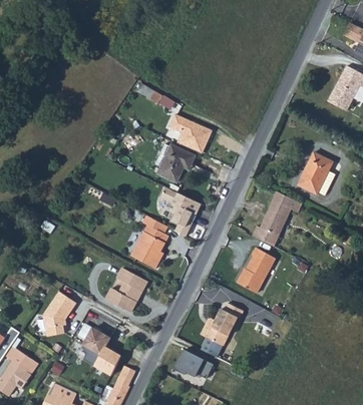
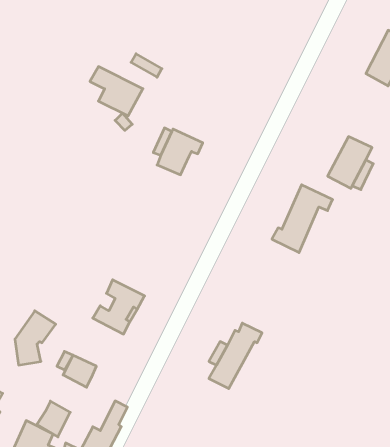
building: [171,114,215,154] -> [90,67,143,116]
building: [160,186,202,237] -> none
building: [131,215,168,269] -> none
building: [238,248,275,293] -> none
building: [94,347,121,376] -> [37,401,70,437]
building: [172,347,212,377] -> none

